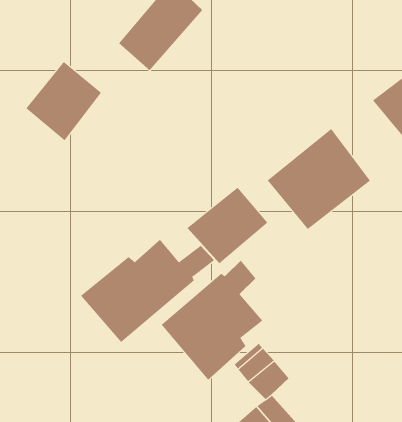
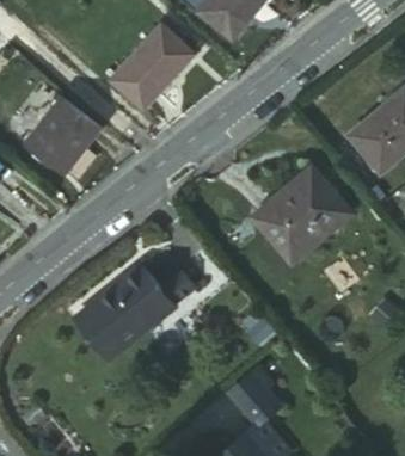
building: [186,187,268,264] -> none
building: [161,260,263,380] -> none

